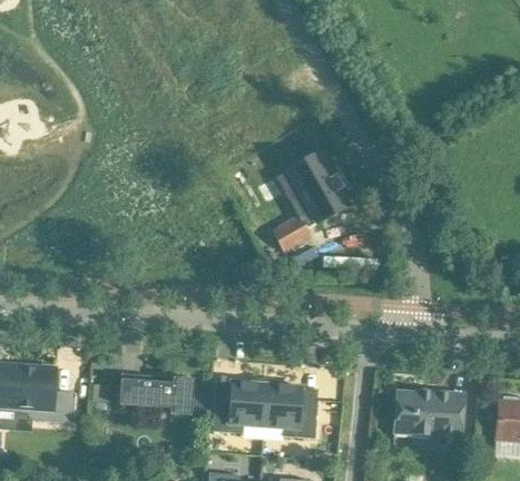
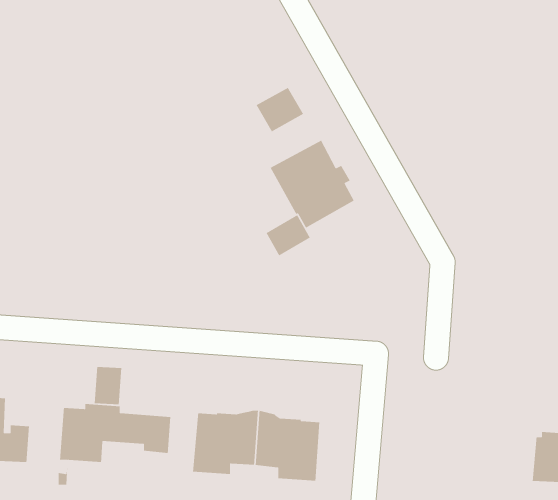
building: none -> [255,87,304,133]
building: none -> [94,366,122,405]
building: [394,390,464,449] -> none

